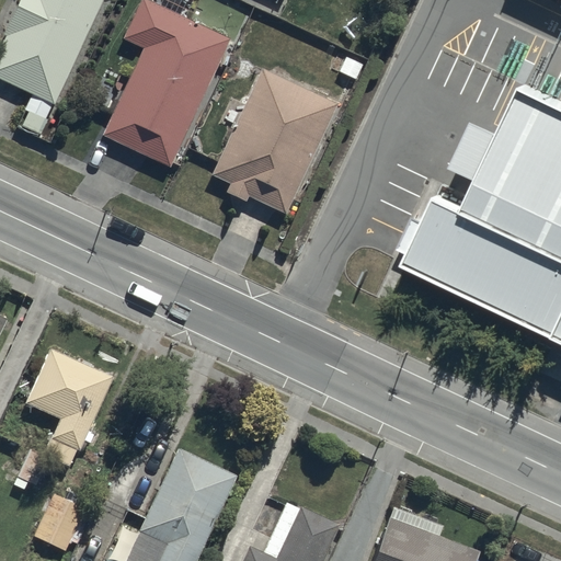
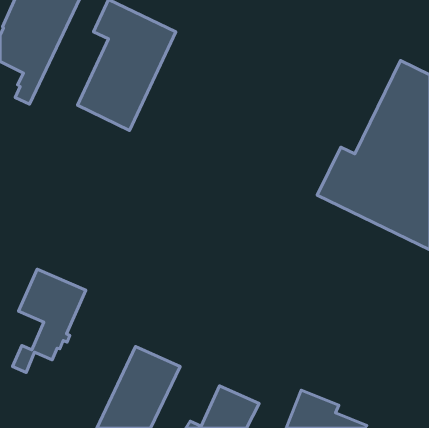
building: [210,71,336,215] -> none
building: [33,496,91,552] -> none

